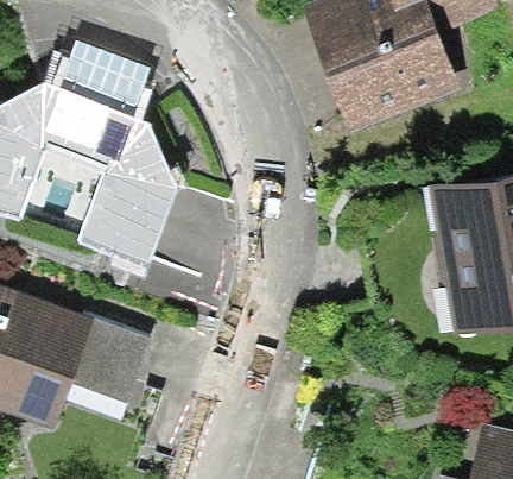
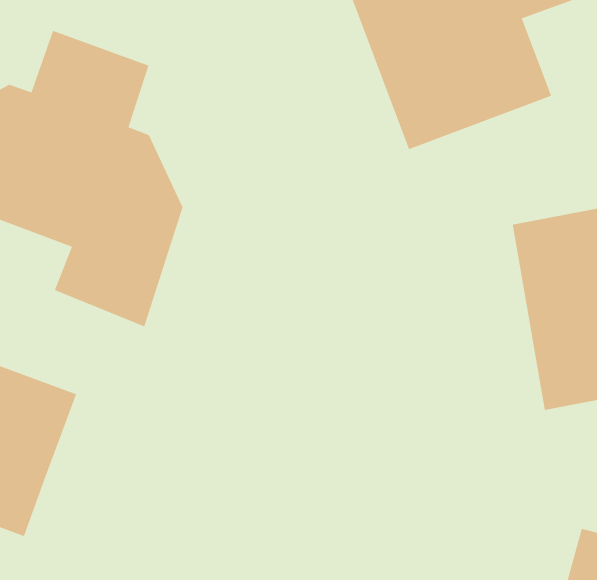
building: [71,317,152,404] -> none

